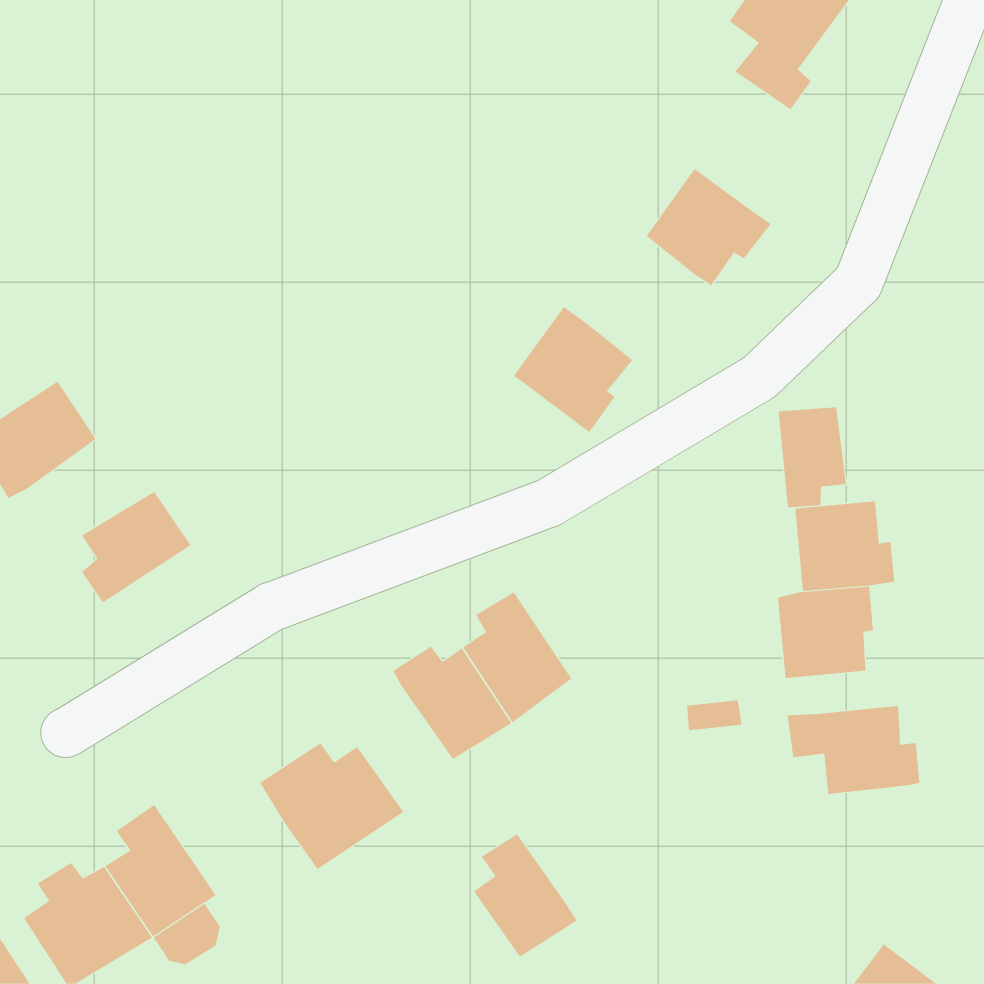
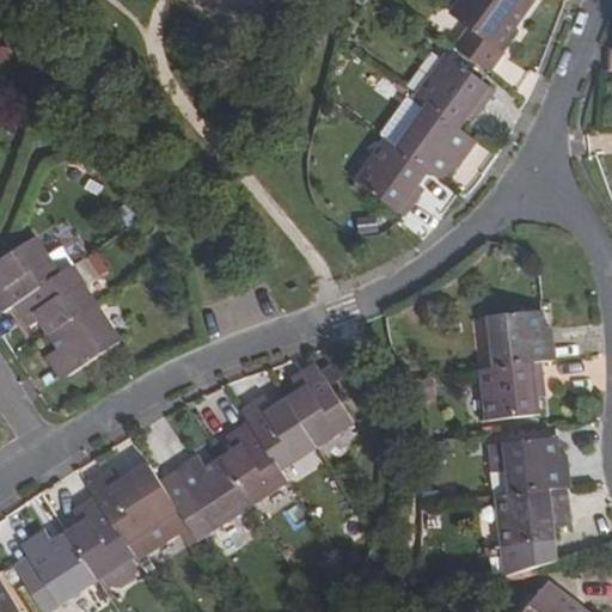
building: none -> [418,56,495,127]
building: [513,306,633,434] -> [355,136,429,215]
building: [778,406,846,508] -> none
building: none -> [17,265,96,331]
building: none -> [90,464,196,553]
building: none -> [497,485,568,571]
building: [473,834,578,957] -> [221,426,286,502]

